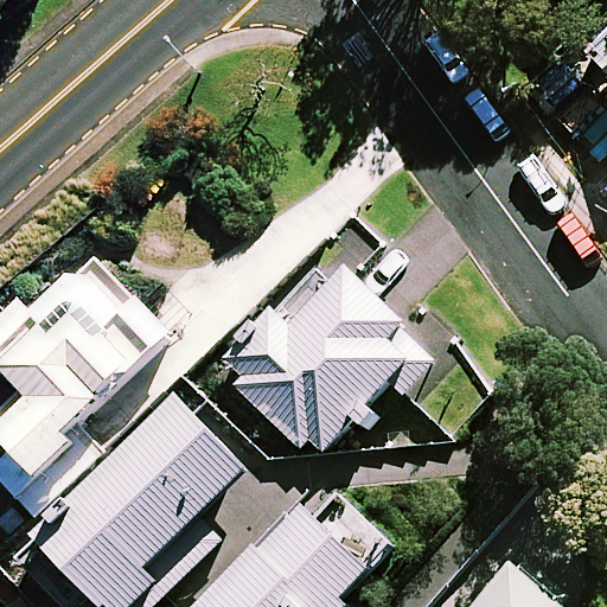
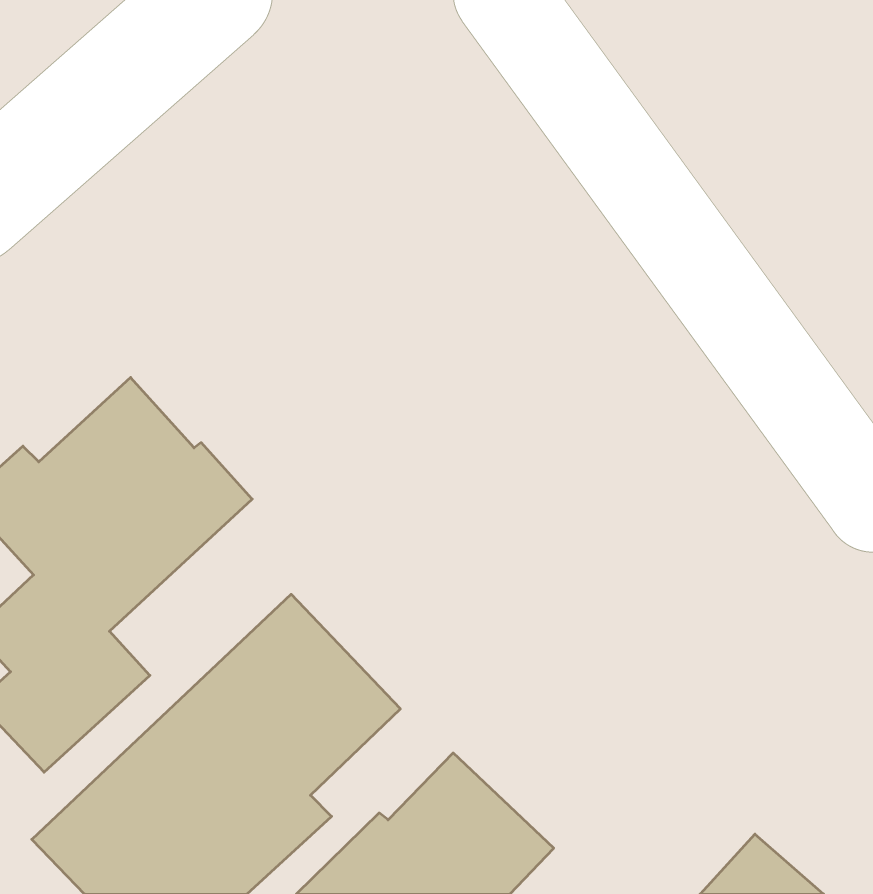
building: [200,258,422,454] -> none

